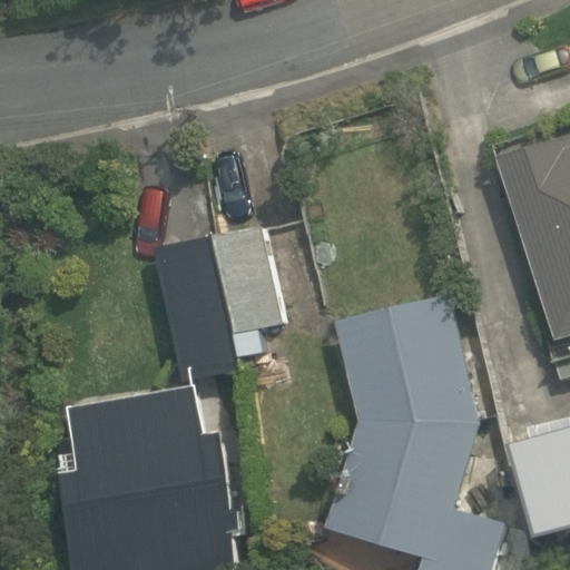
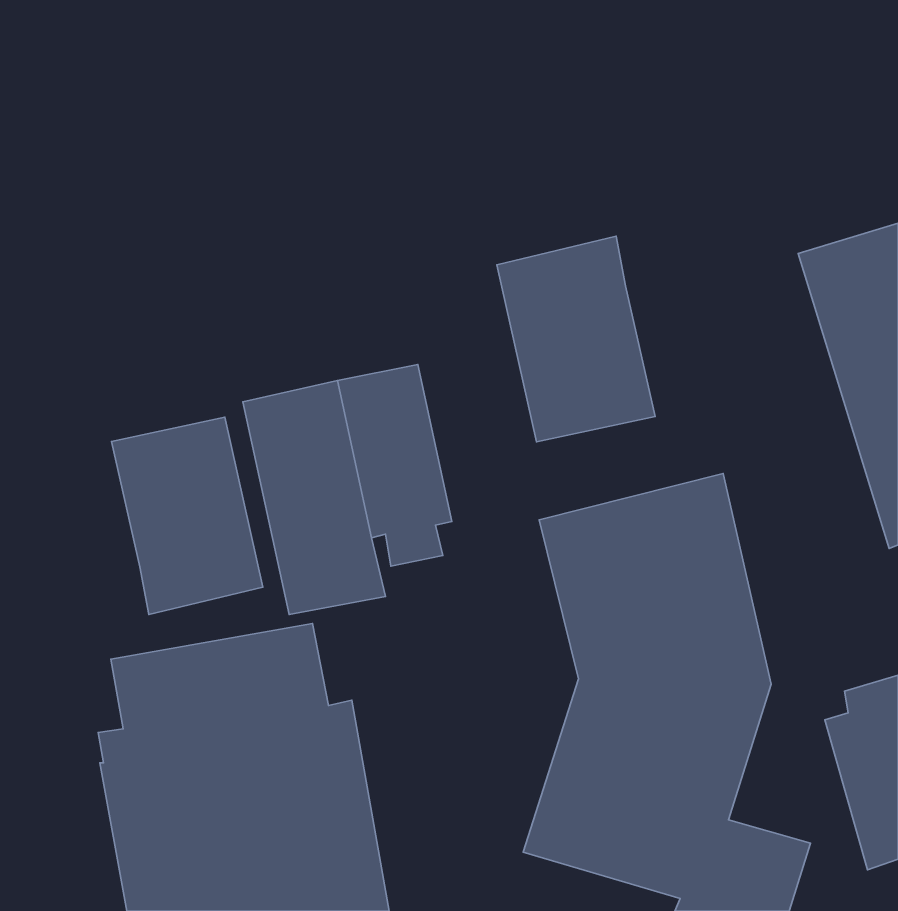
building: none -> [497,236,655,442]
building: none -> [111,417,263,615]

